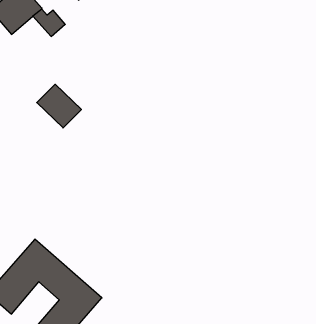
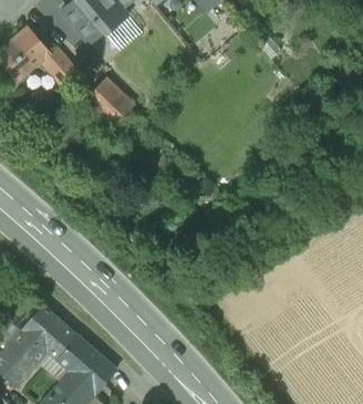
building: [37,84,81,128] -> [85,77,134,125]

